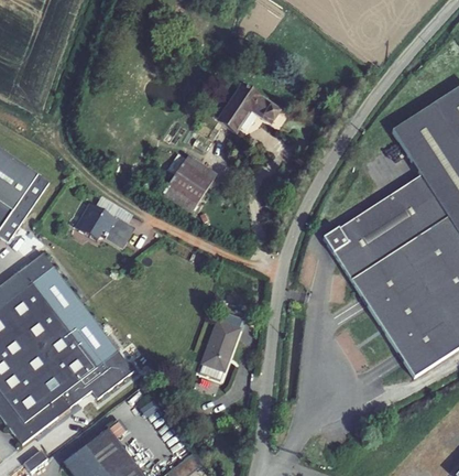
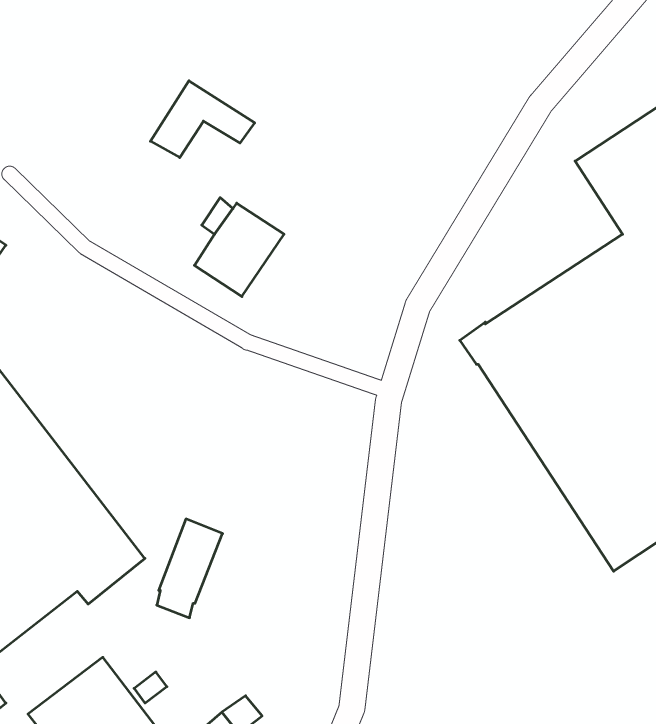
building: [219,88,282,134] -> [150,81,255,158]
building: [80,203,131,242] -> none
building: [200,318,240,378] -> [157,519,223,618]

